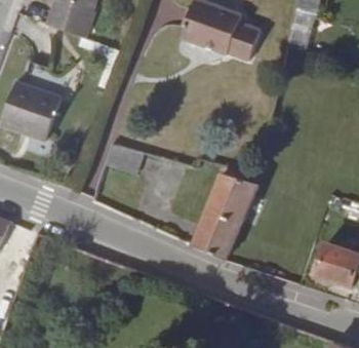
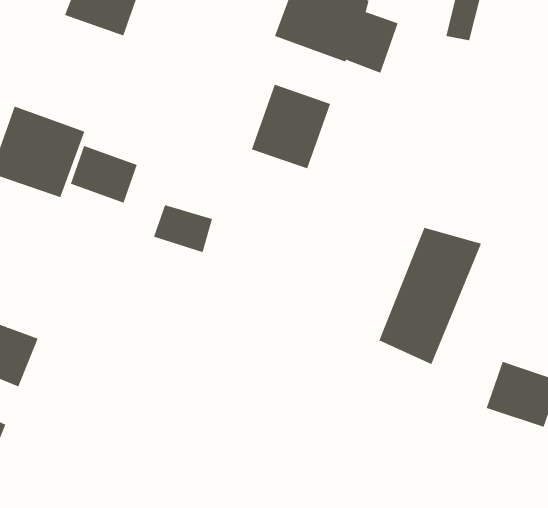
building: none -> [251,84,331,169]
building: none -> [70,145,138,204]
building: [192,175,257,262] -> [379,227,482,365]

